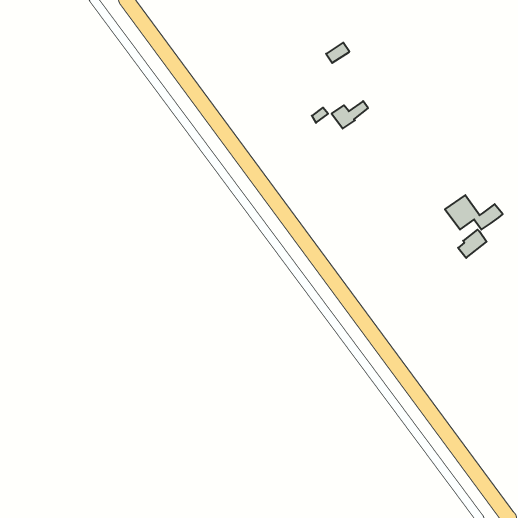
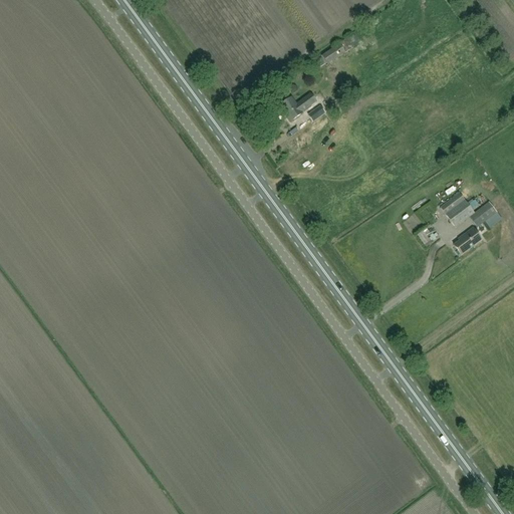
building: [332,101,368,129] -> [280,93,316,120]

